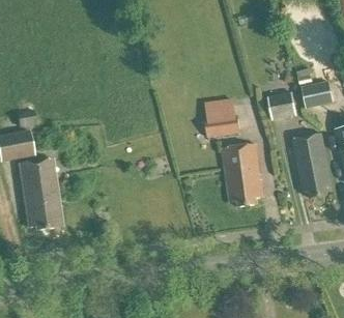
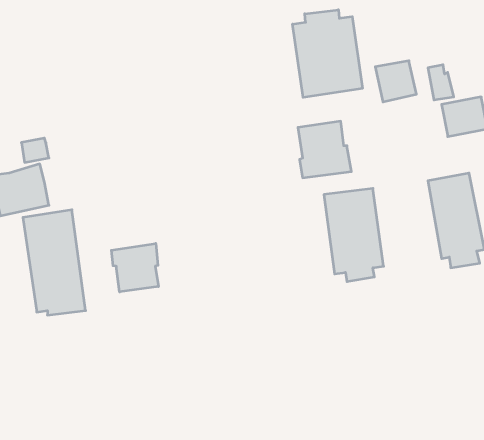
building: none -> [293,10,362,97]
building: [269,91,297,119] -> [375,61,416,102]
building: none -> [111,243,158,292]

